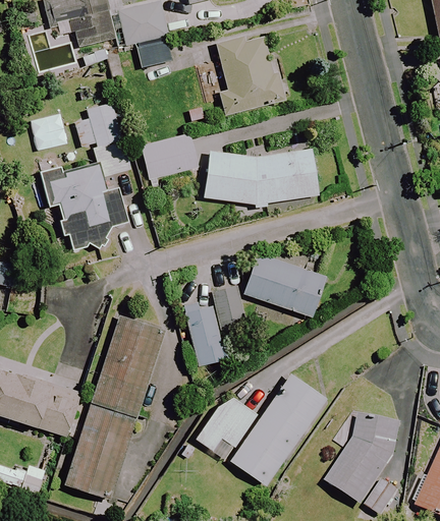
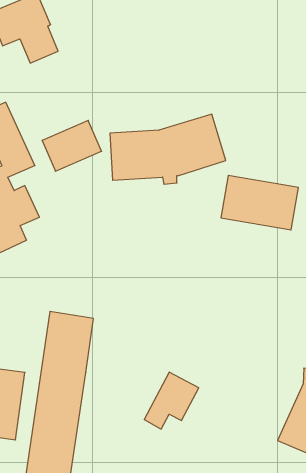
building: [215,35,283,115] -> none
building: [242,252,324,316] -> [221,175,298,230]
building: [184,286,245,365] -> none
building: [230,374,325,484] -> none

